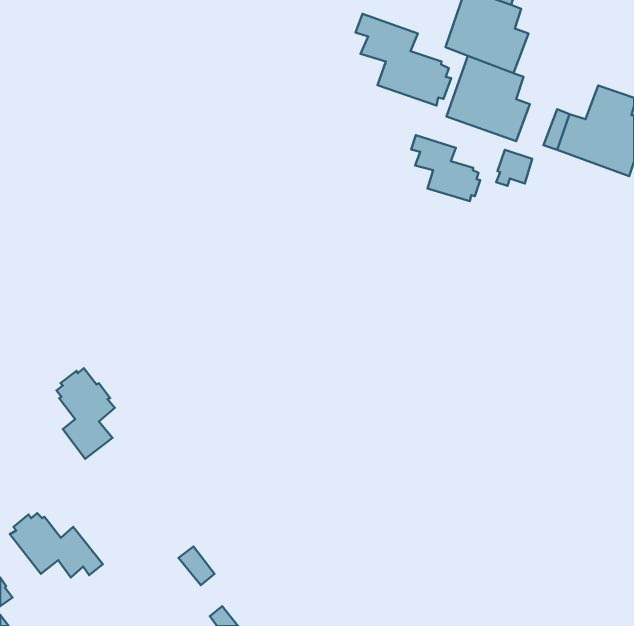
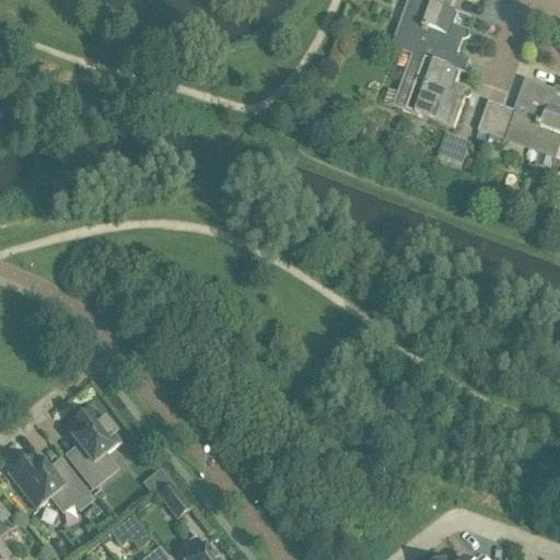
building: [355,14,451,106] -> none
building: [411,135,480,201] -> none
building: [57,368,115,459] -> [67,406,118,486]

